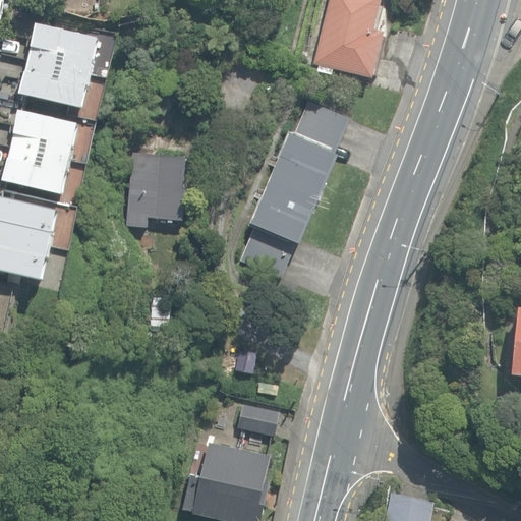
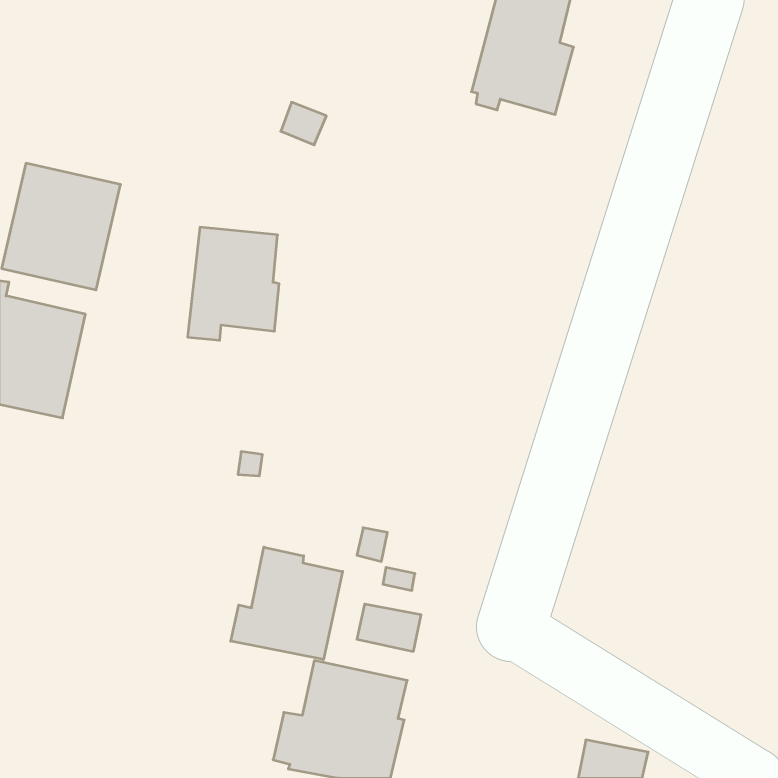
building: [16,17,99,123] -> none
building: [240,100,350,277] -> none
building: none -> [231,547,343,660]

